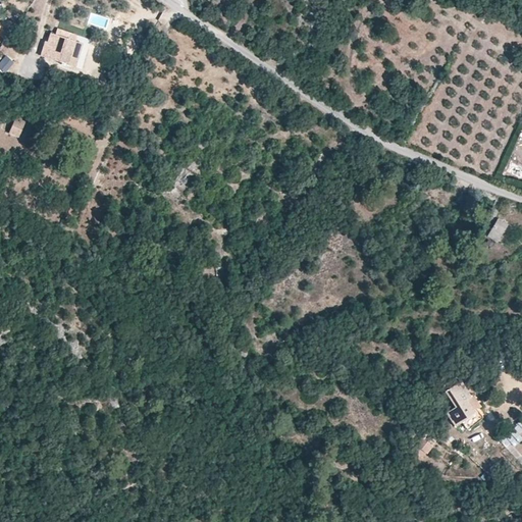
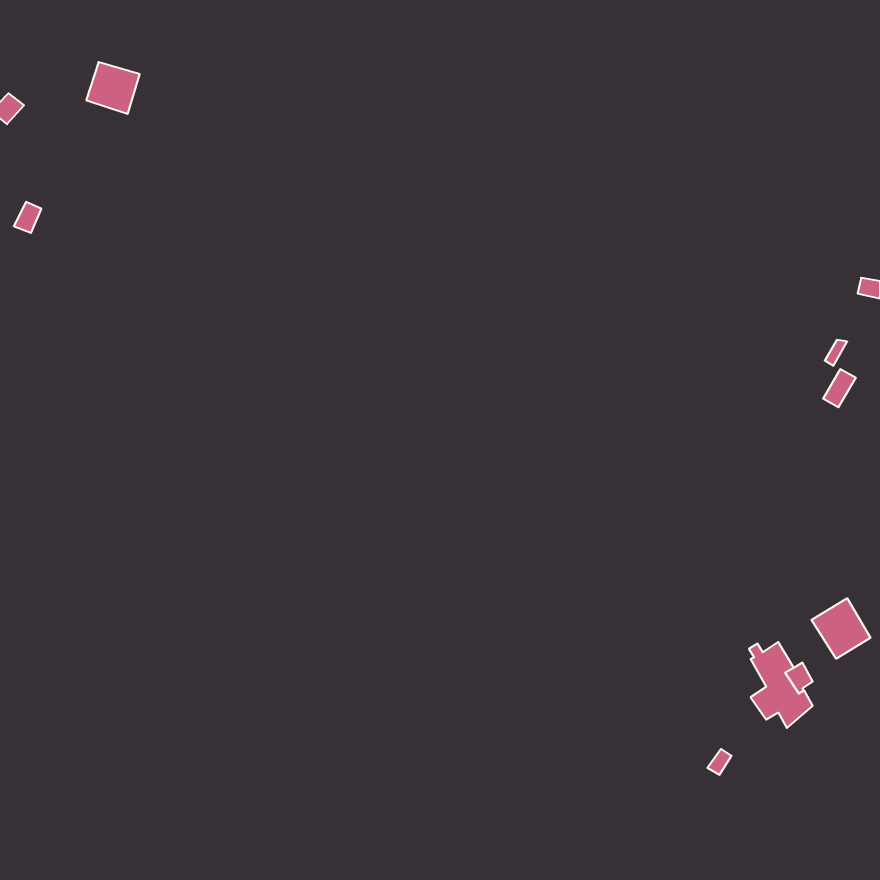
building: none -> [812,598,870,659]

